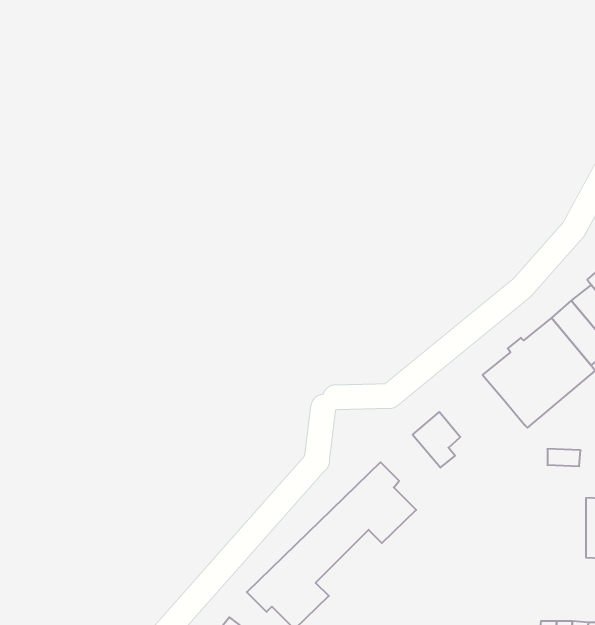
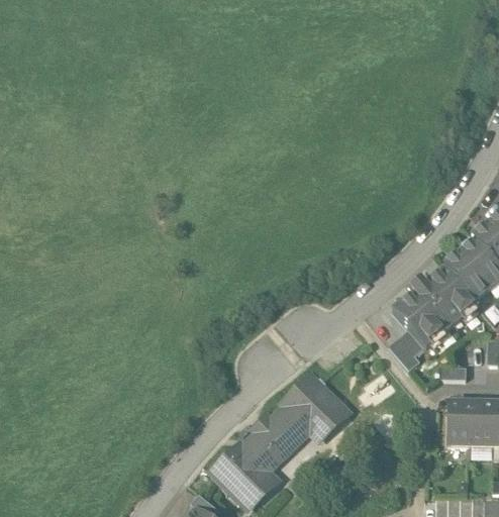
building: [413,412,460,468] -> [388,329,424,372]
building: none -> [446,404,471,449]

